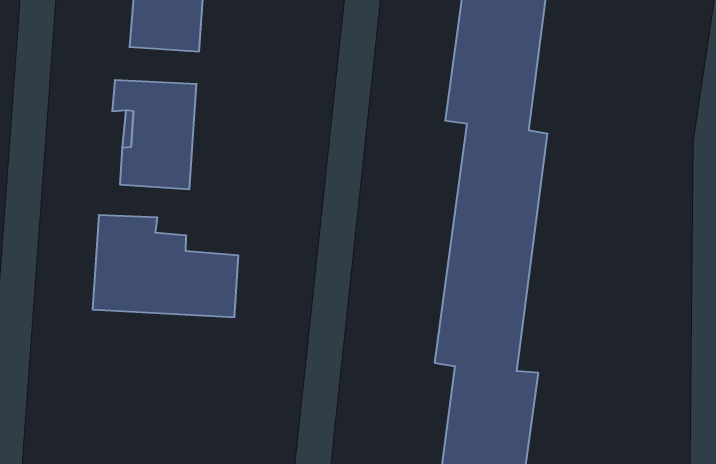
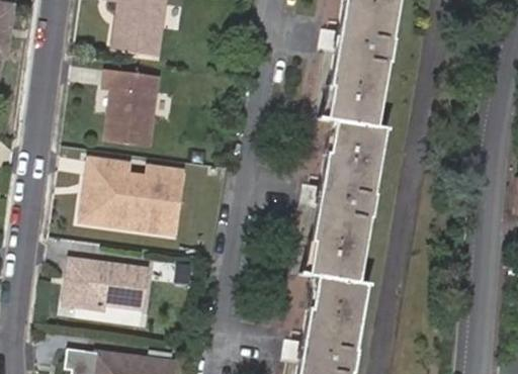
building: none -> [126,166,183,194]
building: none -> [66,263,150,311]

